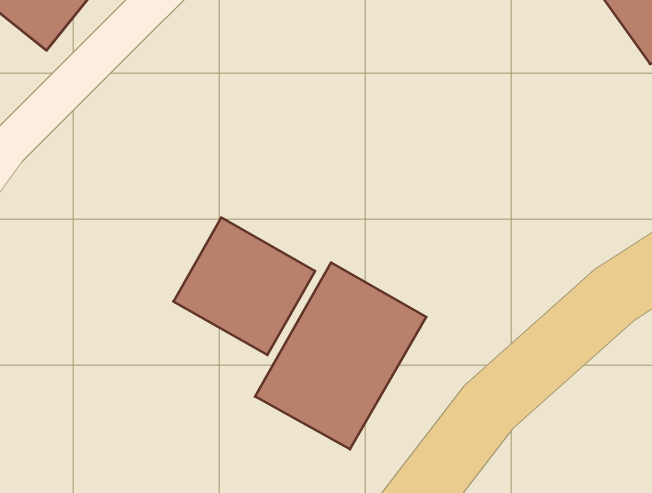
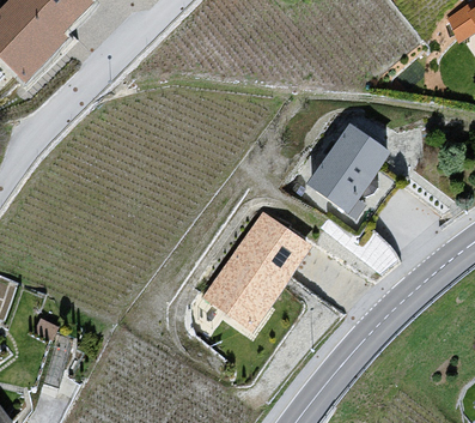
building: none -> [304,111,403,217]
building: [173,218,315,355] -> none

